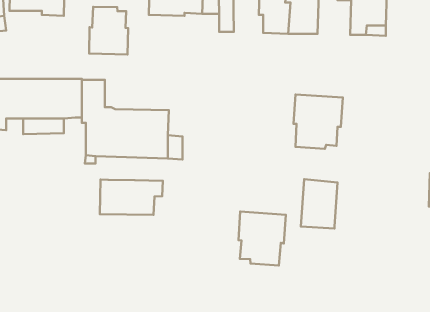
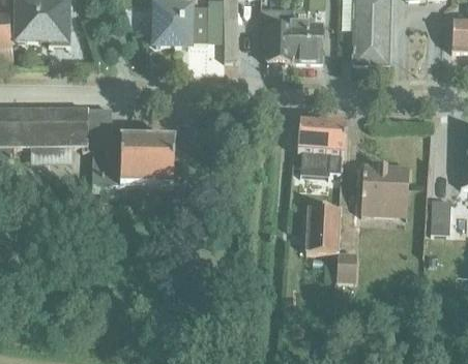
building: [89,7,128,54] -> none
building: none -> [360,164,409,217]
building: [100,179,163,215] -> none
building: [238,211,286,265] -> none
building: none -> [335,252,356,283]

